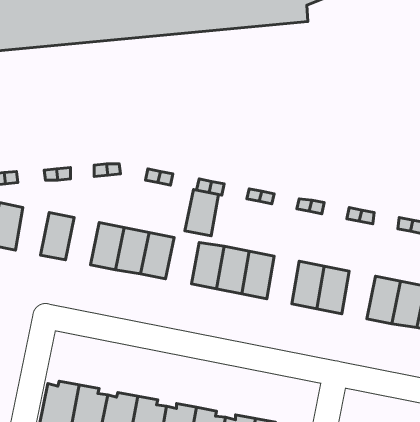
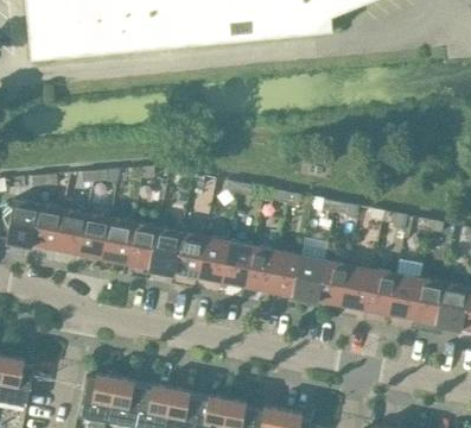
building: [185,190,219,236] -> [198,238,230,282]
building: none -> [56,209,88,254]
building: none -> [103,219,135,264]
building: none -> [294,256,325,301]
building: none -> [365,270,397,315]

